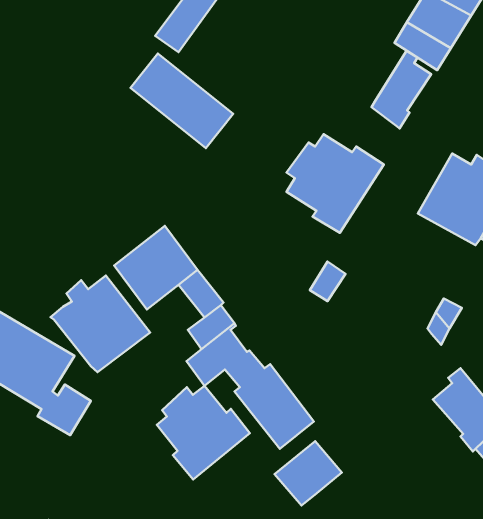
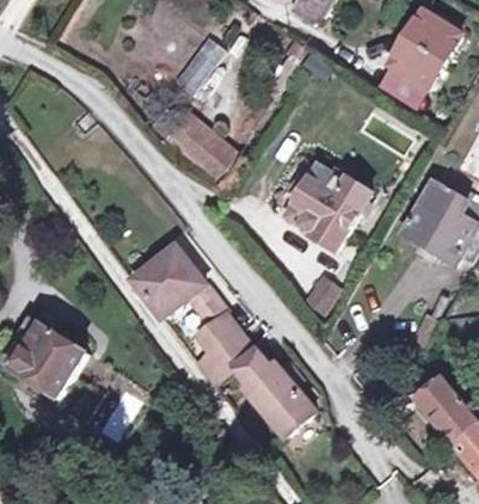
building: [371,51,431,128] -> none
building: [51,276,150,372] -> none
building: [157,386,250,480] -> none
building: [275,441,342,506] -> none

